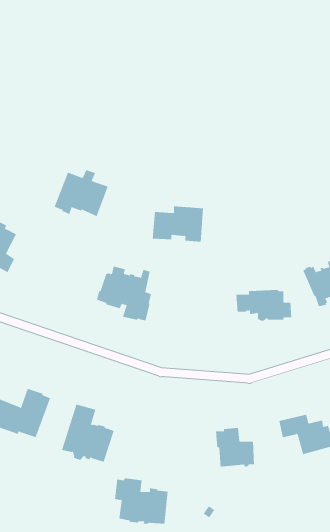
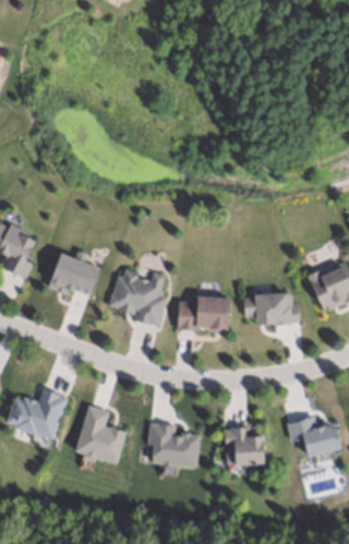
building: [54,169,108,217] -> [48,250,100,295]
building: [152,206,204,242] -> [177,298,227,333]
building: [114,478,168,524] -> [148,421,201,466]

